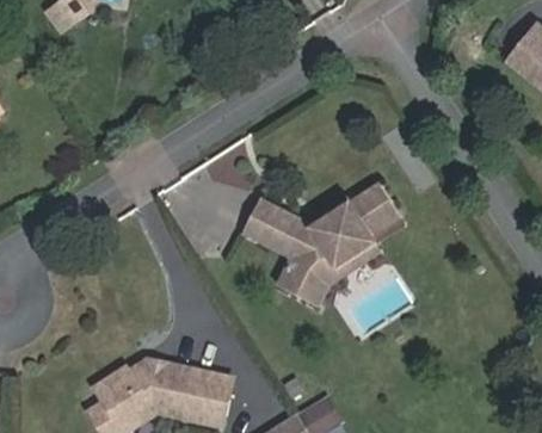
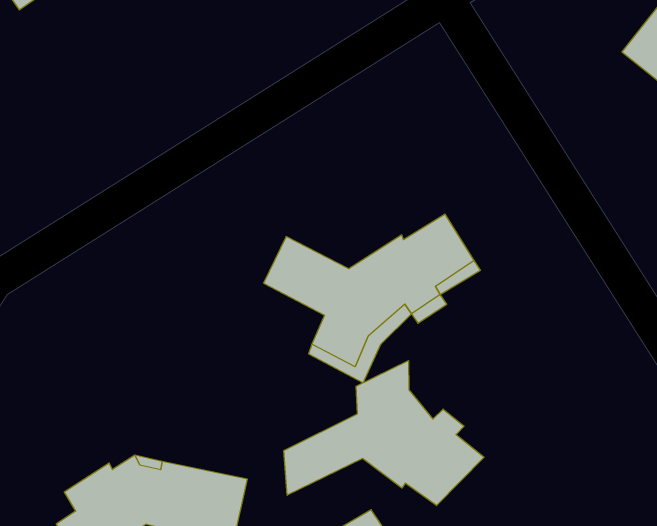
building: none -> [284,361,484,506]

